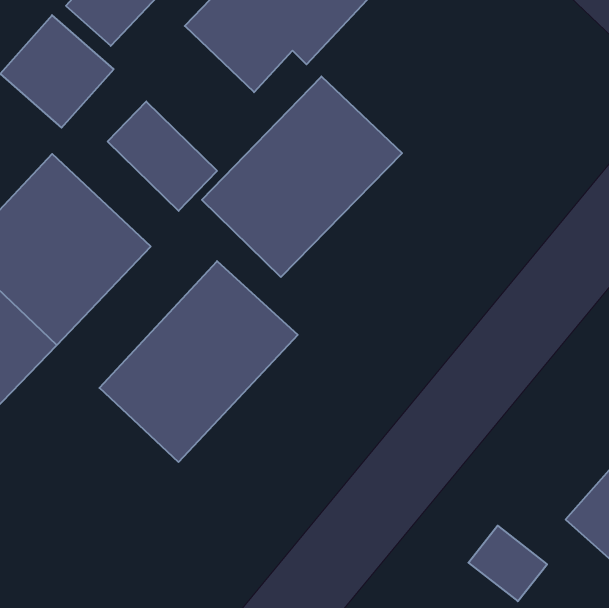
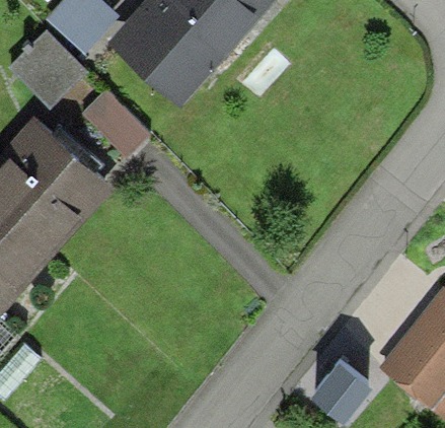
building: [202,76,402,277] -> none
building: [99,261,298,462] -> none

